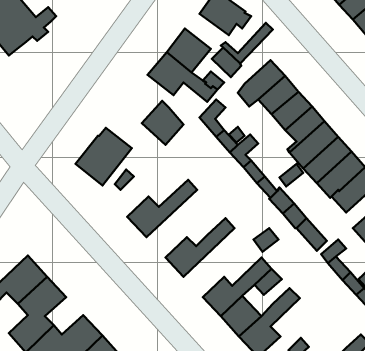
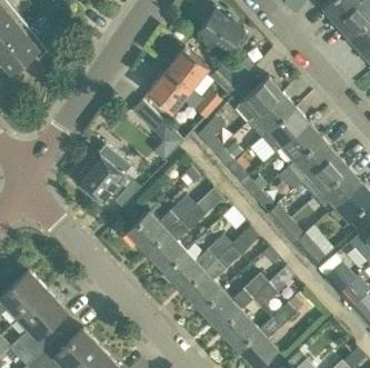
building: none -> [146,189,221,272]
building: none -> [182,227,260,311]

